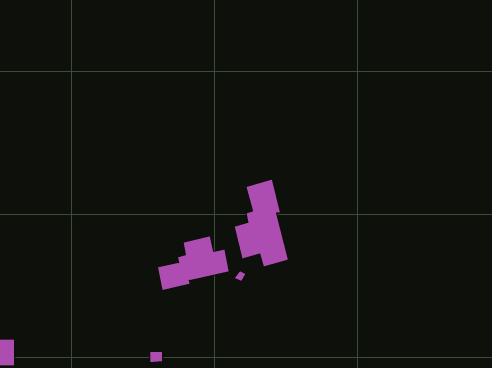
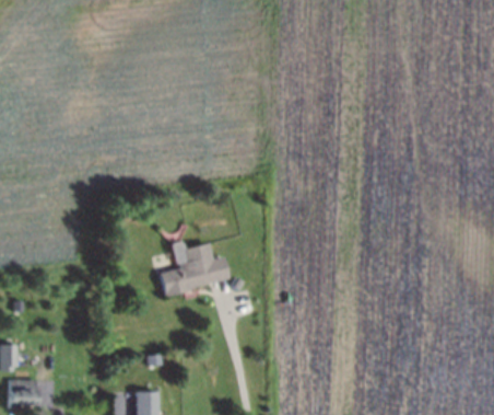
building: [234,179,289,267] -> none

